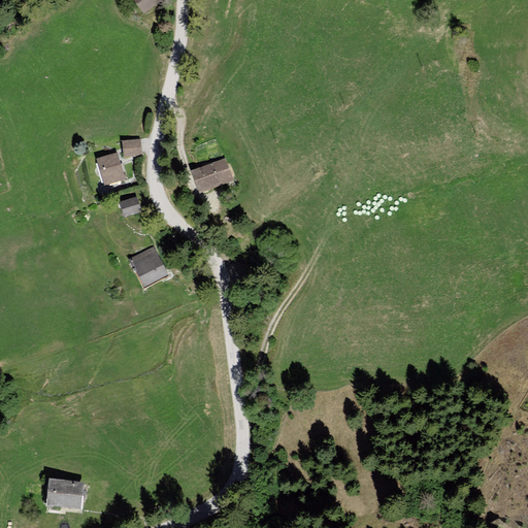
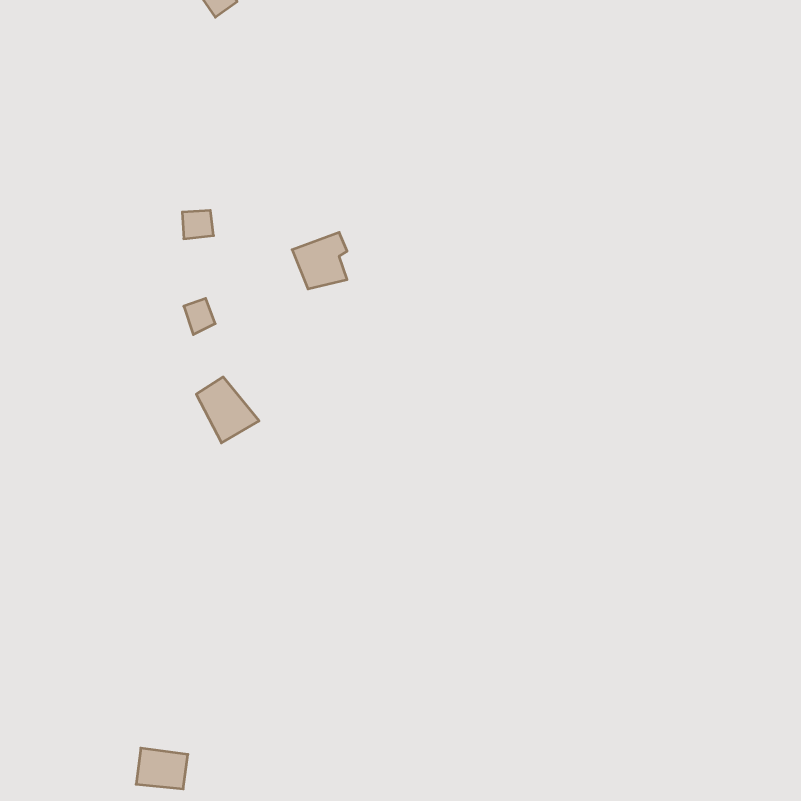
building: [96,154,125,186] -> none
building: [48,478,82,505] -> [136,748,188,789]

